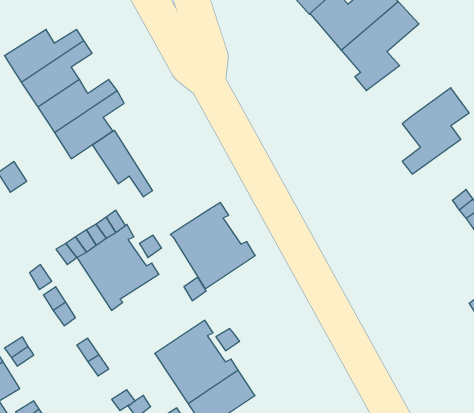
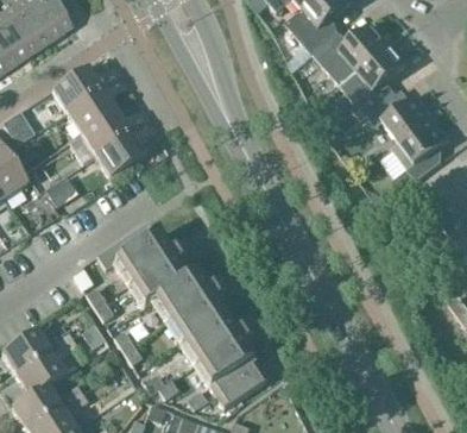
building: none -> [368,94,434,142]
building: [92,130,153,197] -> none
building: [170,203,255,289] -> [151,270,223,344]

